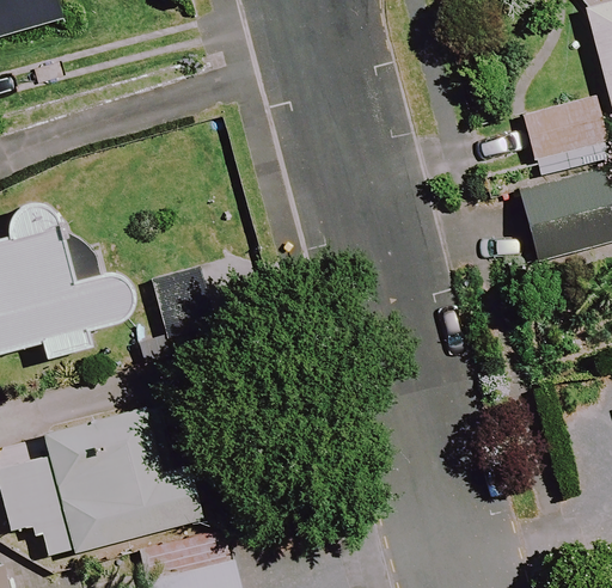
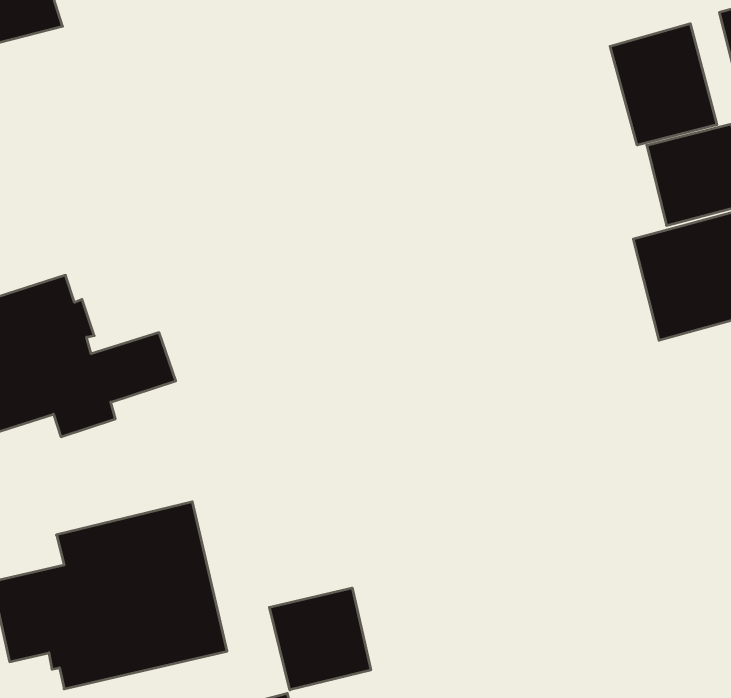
building: none -> [610,24,717,145]
building: none -> [269,588,371,690]

